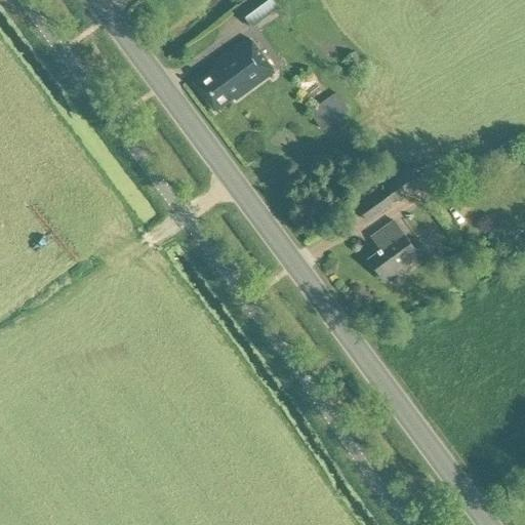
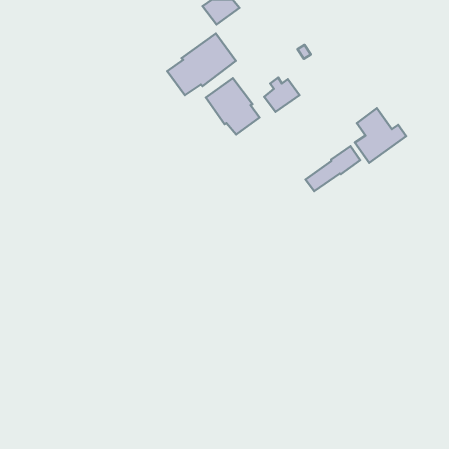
building: none -> [206,78,260,134]
building: [367,218,427,282] -> [355,108,406,163]

